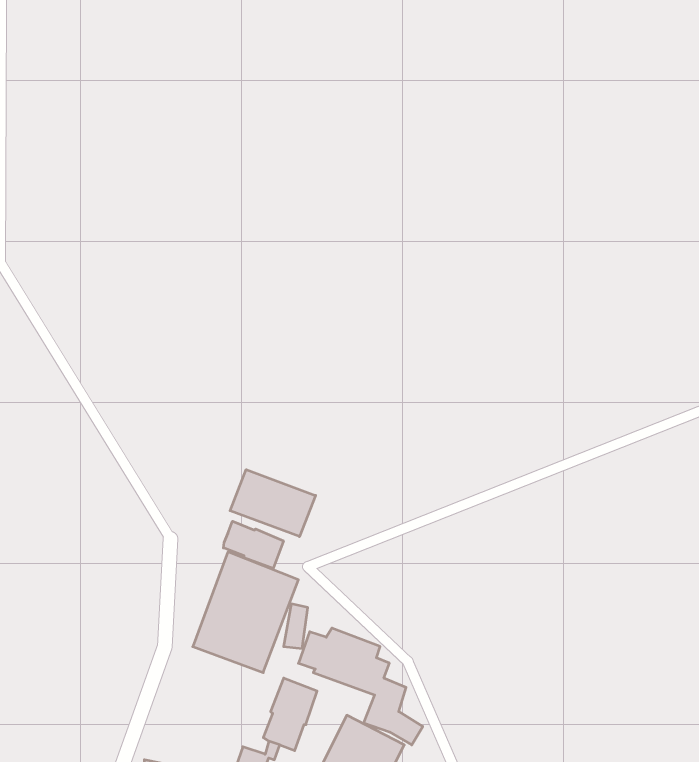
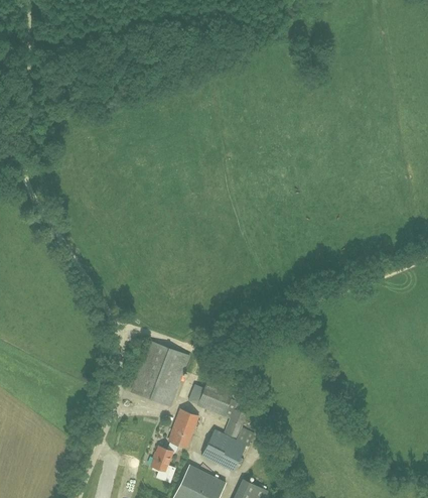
building: [230,470,316,537] -> none
building: [223,521,283,569] -> none

